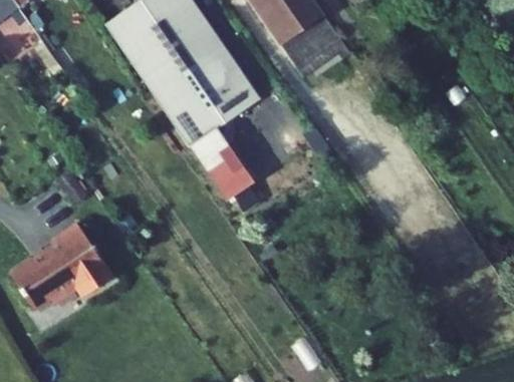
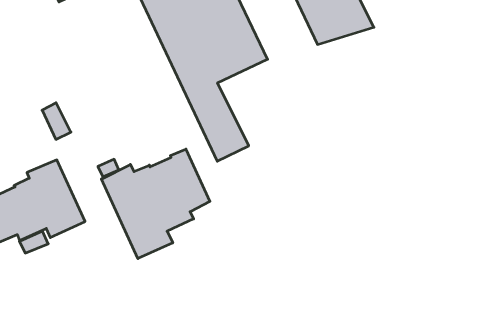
building: none -> [101,149,210,259]

